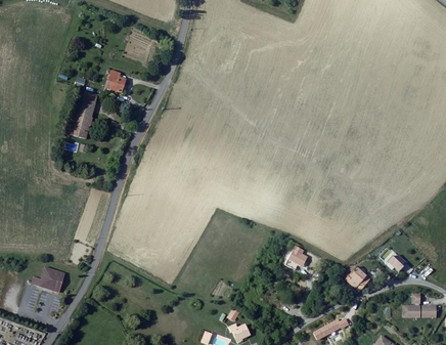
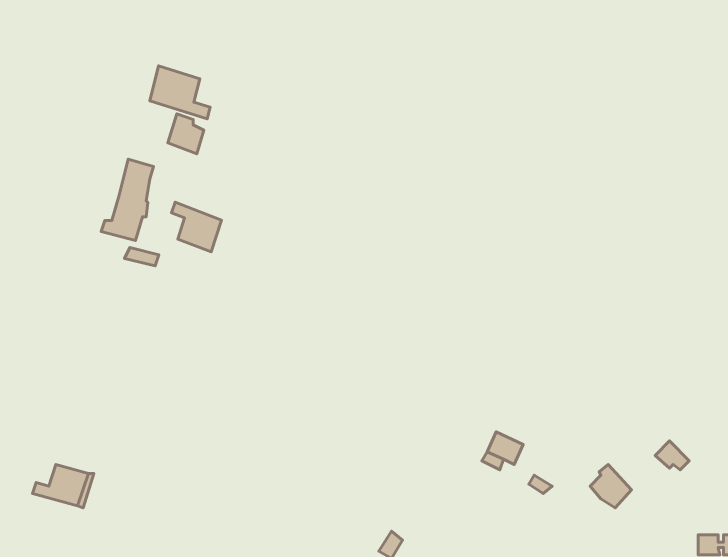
building: none -> [150,66,210,119]
building: none -> [172,202,222,252]

